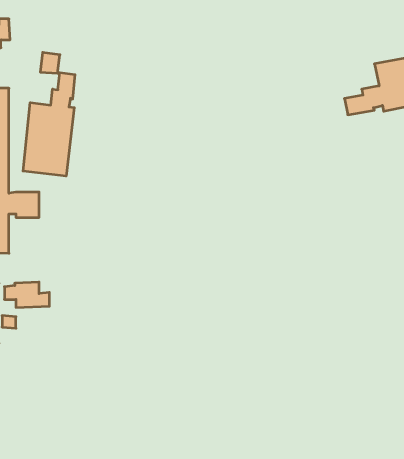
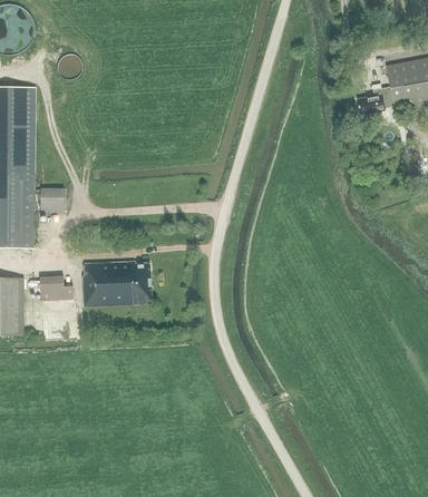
building: [23,73,75,176] -> none
building: none -> [80,261,150,305]

